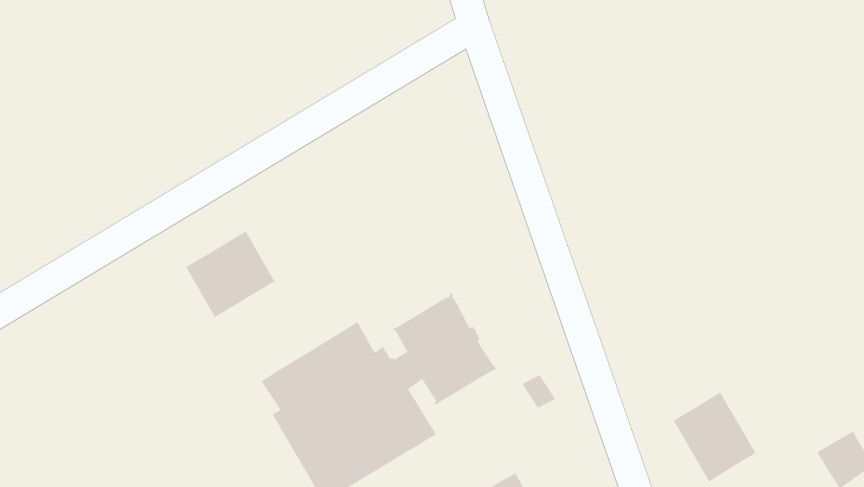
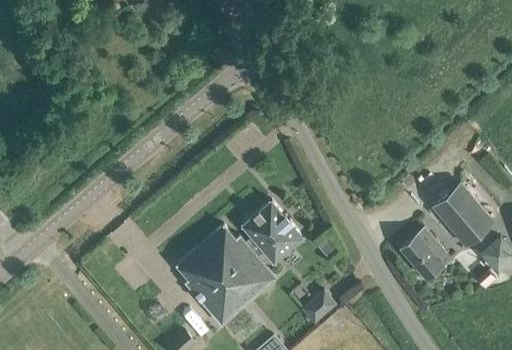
building: [185,230,276,318] -> none
building: none -> [432,185,492,246]

